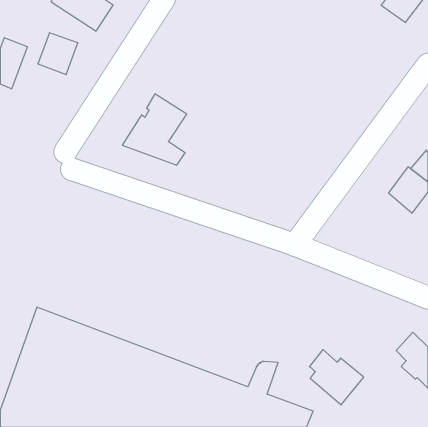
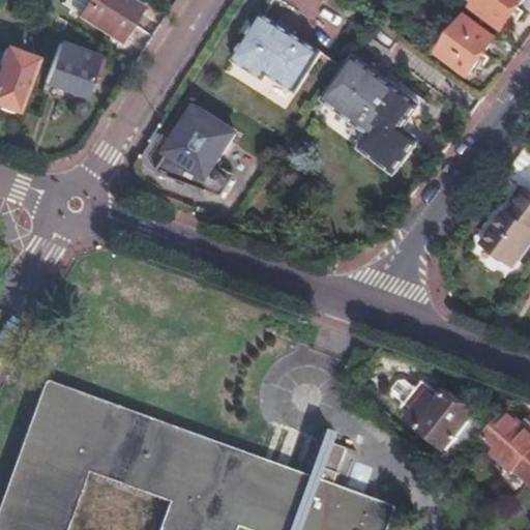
building: none -> [439,17,494,72]
building: none -> [228,19,320,100]
building: none -> [325,55,423,174]
building: [309,350,364,405] -> [409,381,476,449]

